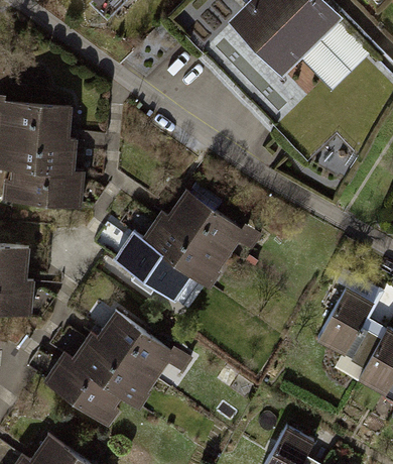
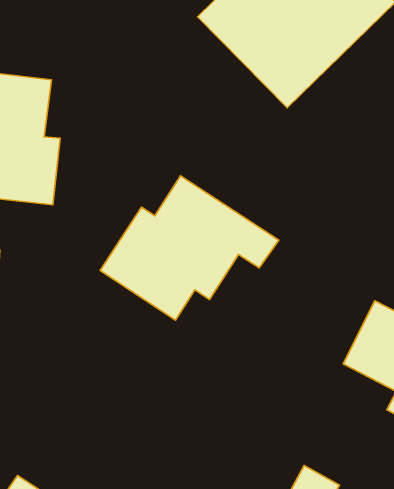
building: [46,304,191,421] -> none

